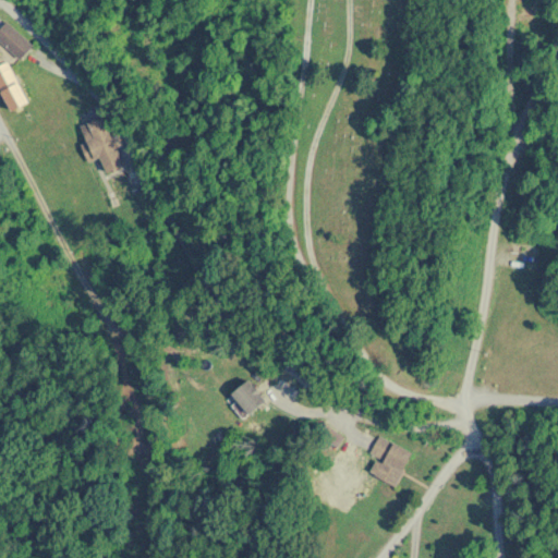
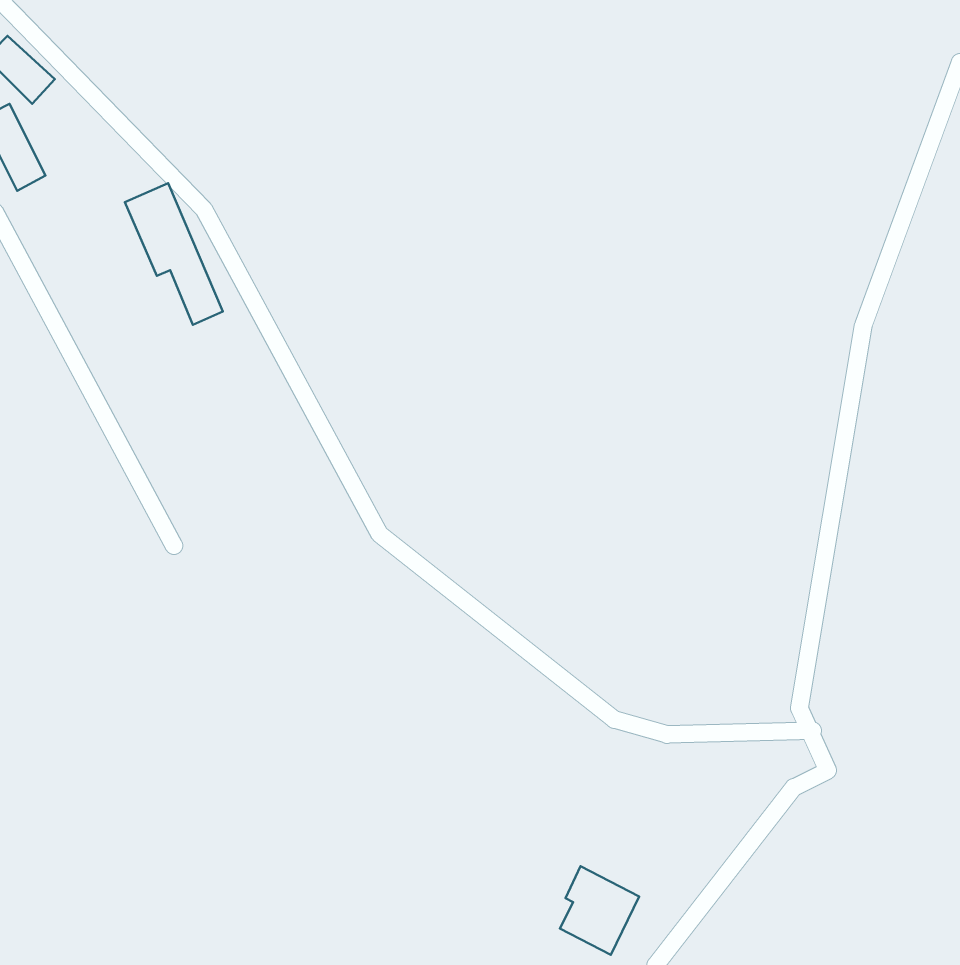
building: [231,379,265,414] -> none
building: [364,435,410,486] -> [560,866,639,955]

